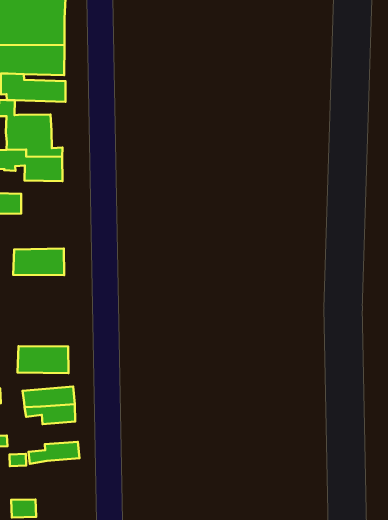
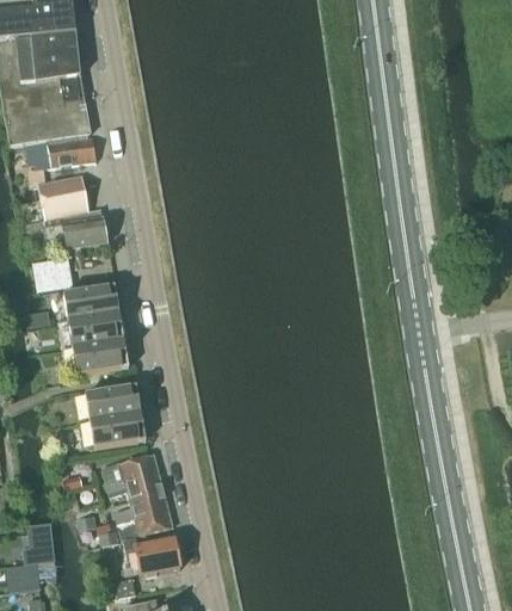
building: none -> [63,285,119,322]
building: none -> [72,340,128,376]
building: none -> [85,384,141,421]
building: none -> [115,489,167,523]
building: none -> [122,539,180,578]

